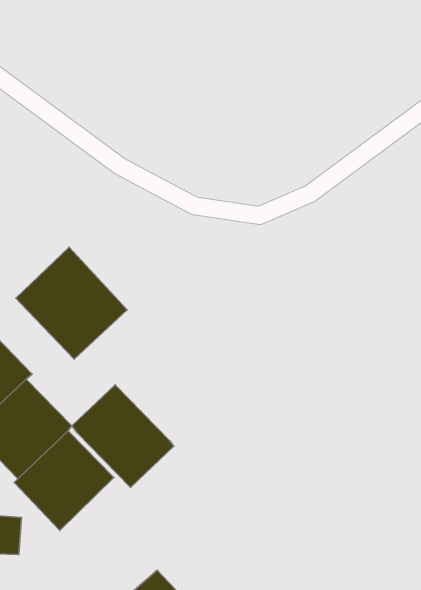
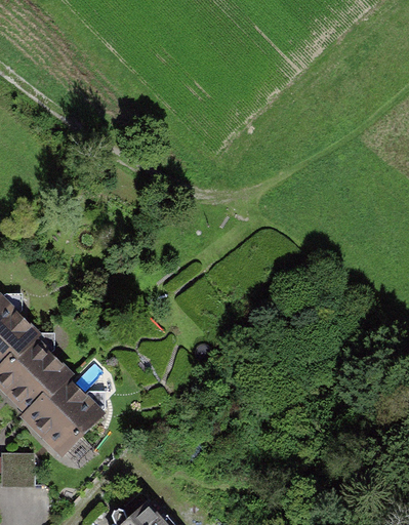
building: [16,247,127,359] -> none
building: [72,385,174,487] -> none

